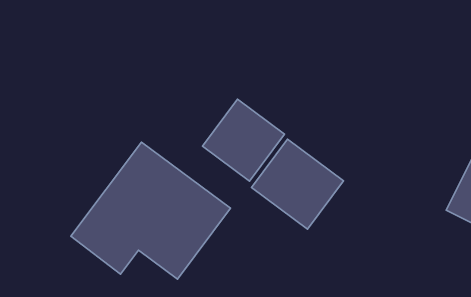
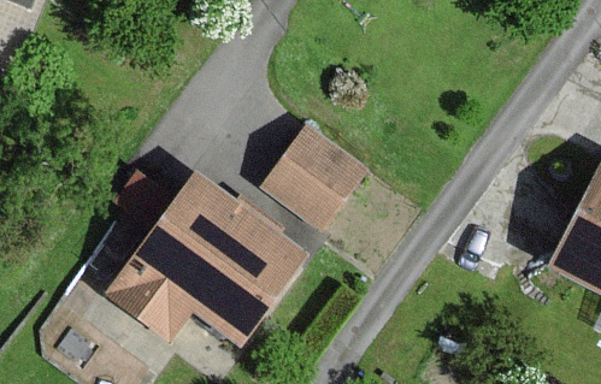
building: [252,139,344,229] -> none

